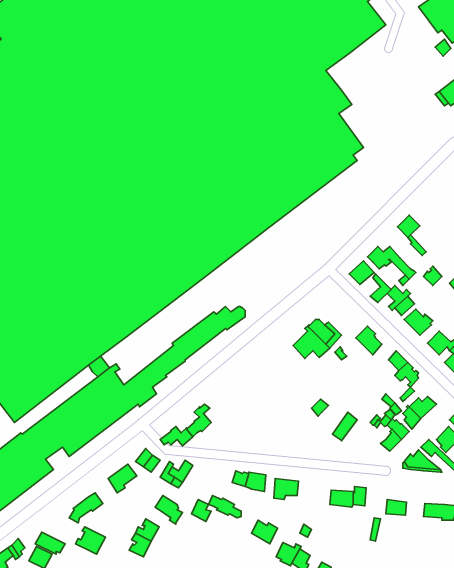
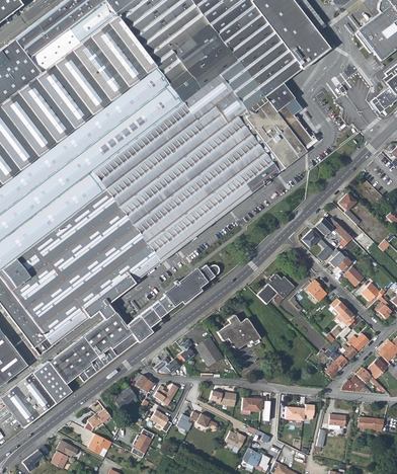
building: none -> [217,315,259,349]
building: none -> [195,337,222,366]

